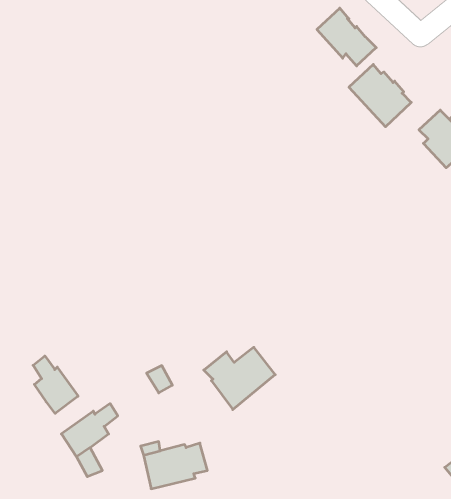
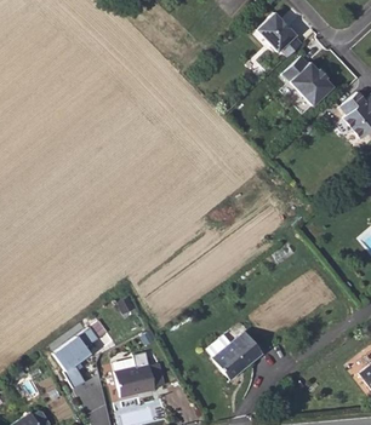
building: [204,347,275,410] -> [207,326,264,375]
building: [33,356,78,413] -> none

